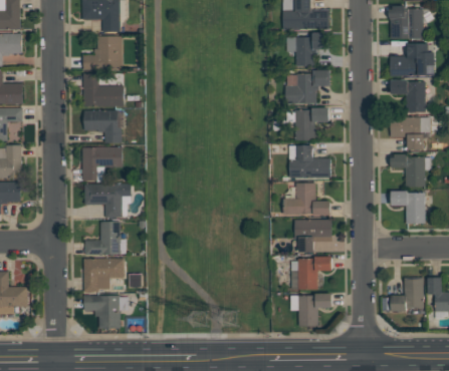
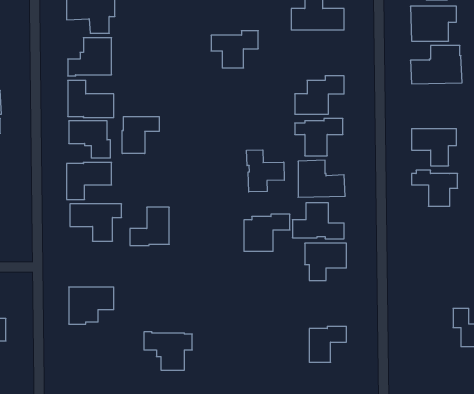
building: [286,33,328,66] -> [211,31,258,68]
building: [392,80,426,112] -> none
building: none -> [122,117,159,154]
building: none -> [247,150,284,192]
building: [392,192,426,224] -> none
building: [85,222,121,256] -> [130,207,169,245]
building: [291,257,332,290] -> [244,214,290,251]
building: [392,278,424,312] -> none
building: [84,295,128,329] -> [144,332,192,370]

